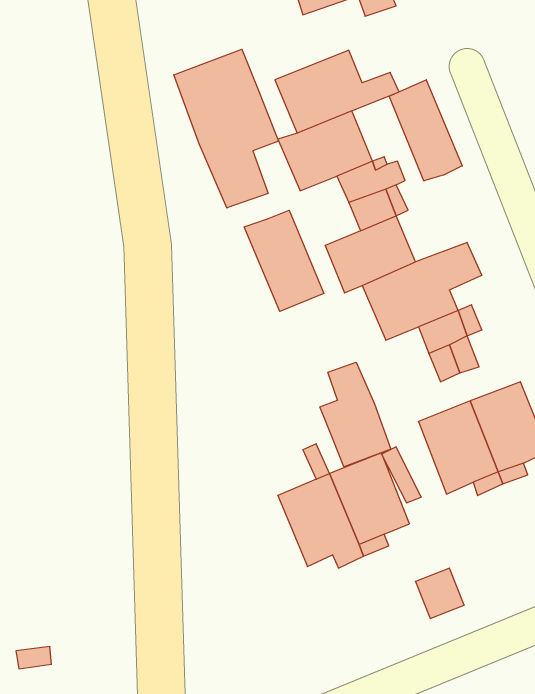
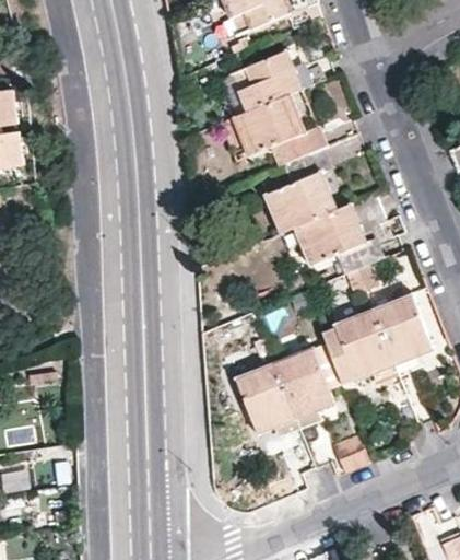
building: [174,49,279,208] -> none
building: [389,80,462,181] -> none
building: [244,210,324,311] -> none
building: [320,362,391,467] -> none

